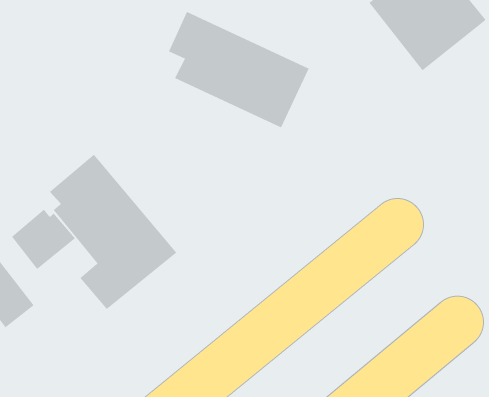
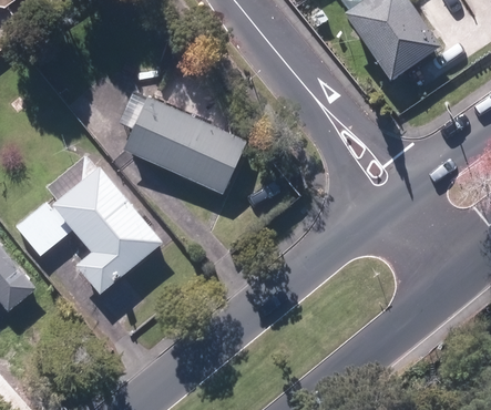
building: [168,11,310,128] -> [119,89,247,195]

